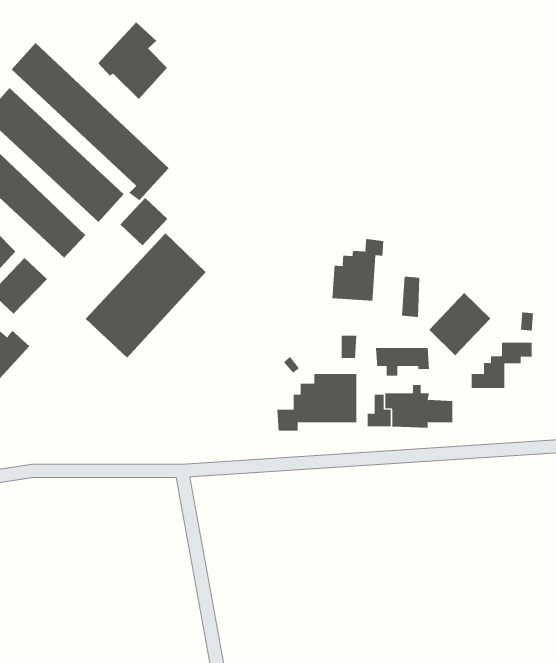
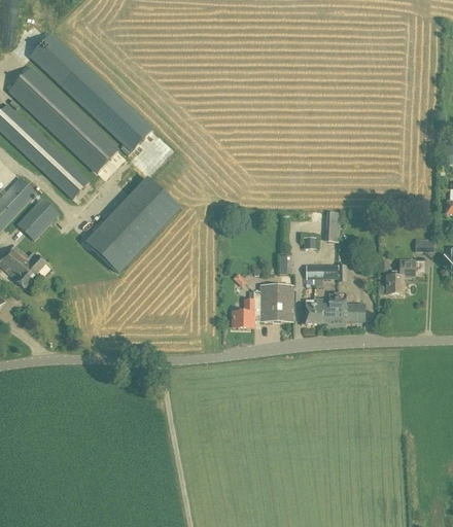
building: [98,22,168,100] -> none
building: [120,197,168,246] -> none
building: [332,238,384,302] -> none
building: [428,292,491,356] -> none

